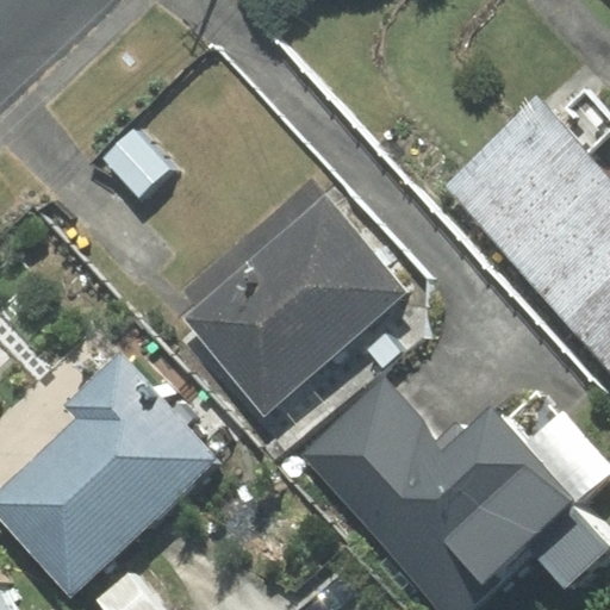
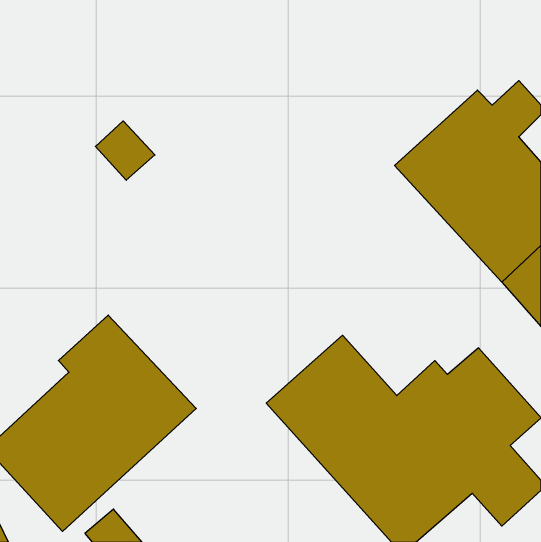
building: [180,195,406,413] -> none

